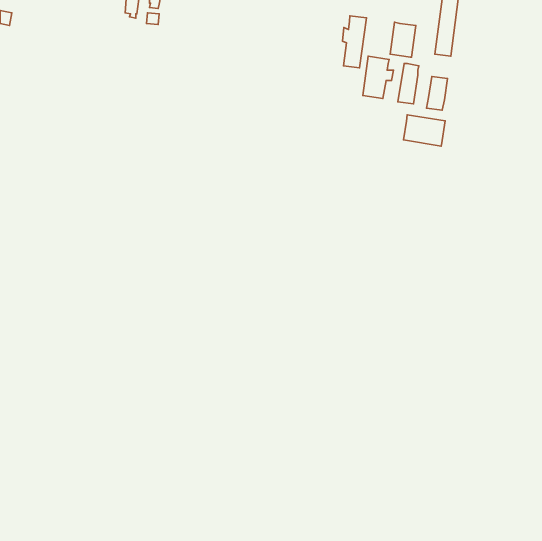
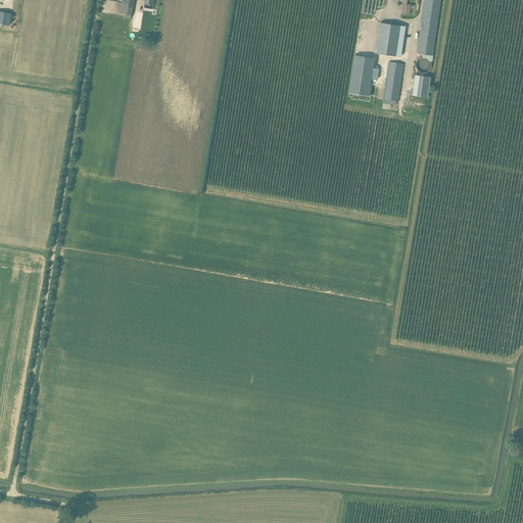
building: [342,16,366,68] -> none
building: [403,115,445,146] -> none

